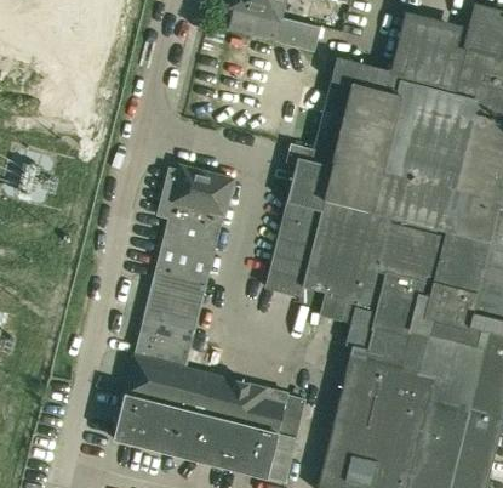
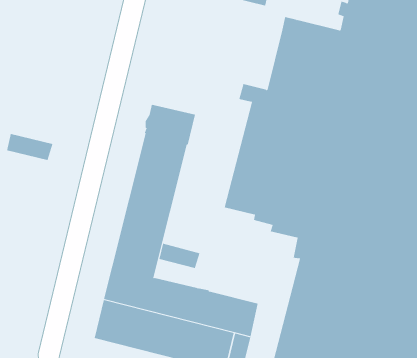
building: none -> [6,133,53,161]
building: none -> [159,243,200,269]

